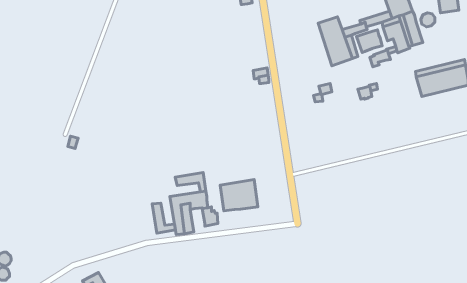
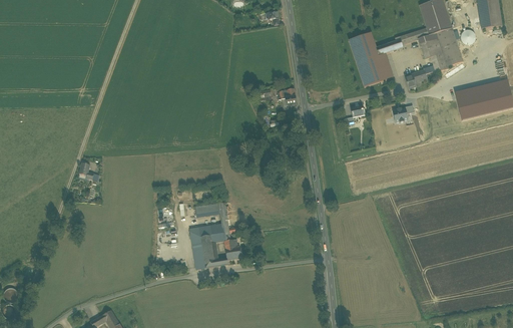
building: [357,30,382,53] -> none
building: [220,179,258,211] -> none
building: [152,203,175,233] -> none

